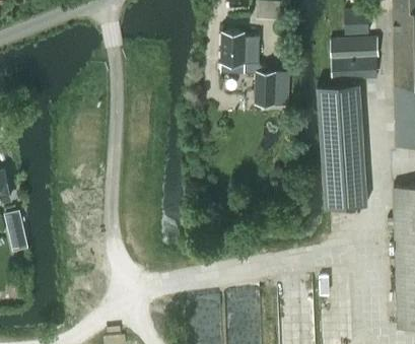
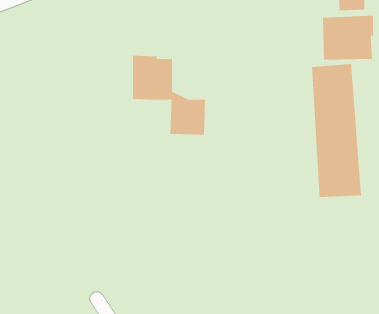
building: [221,32,289,107] -> [132,55,206,135]

